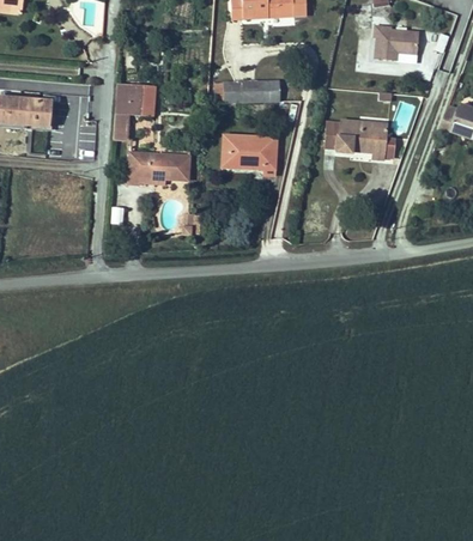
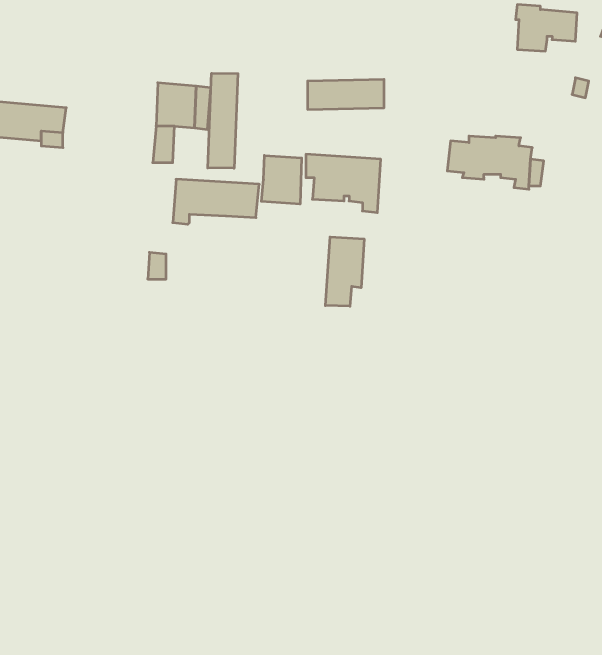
building: none -> [208,73,238,168]
building: none -> [261,155,302,204]
building: none -> [325,237,364,306]

